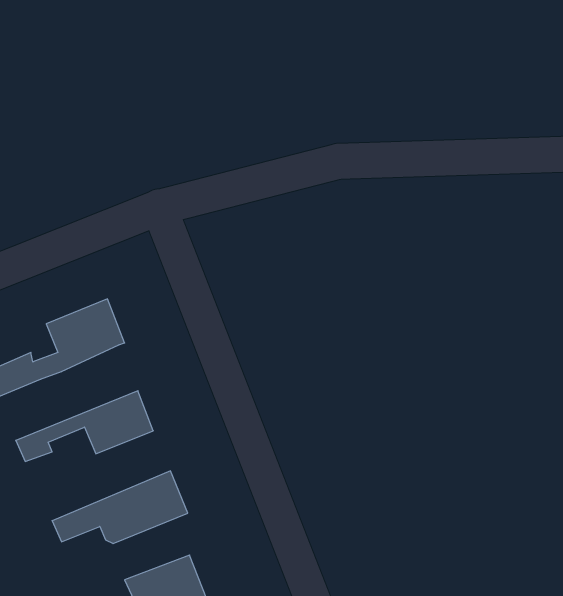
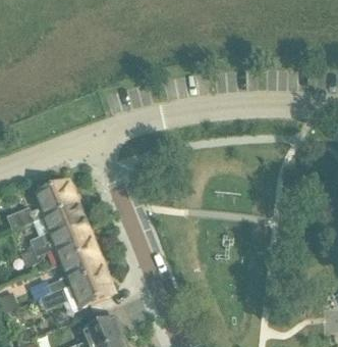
building: none -> [20,202,86,253]
building: none -> [32,248,103,297]

